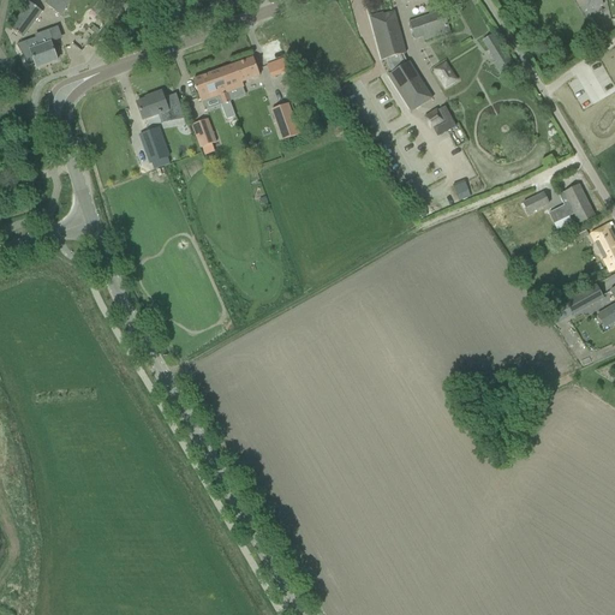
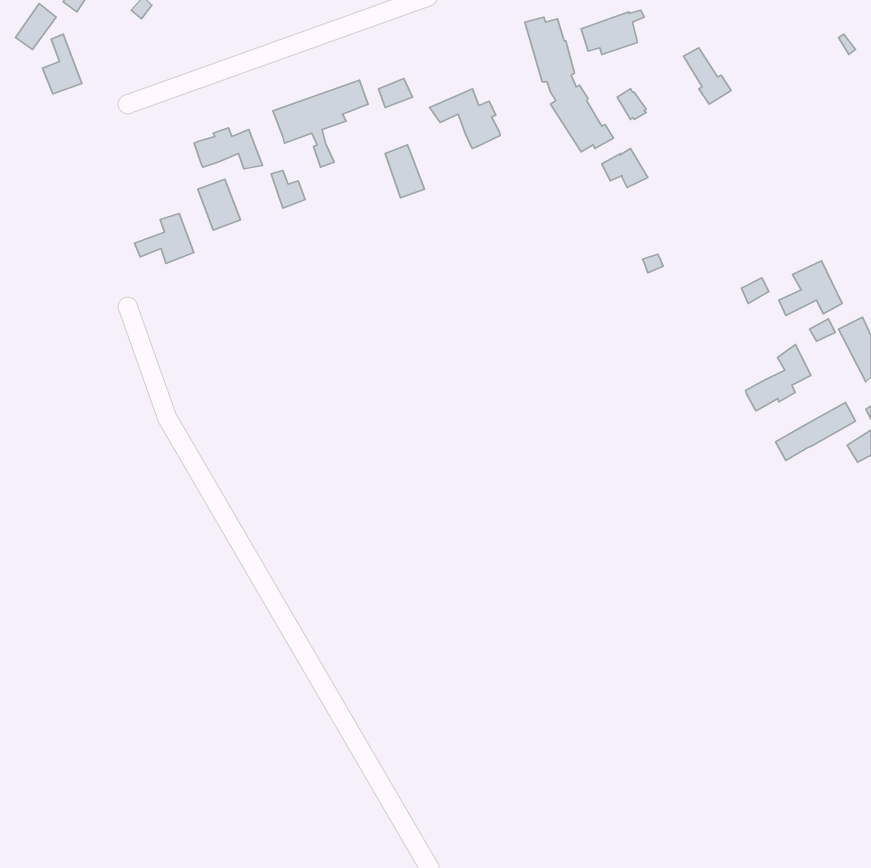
building: none -> [429,89,500,148]
building: none -> [134,214,194,263]
building: none -> [745,345,811,411]

